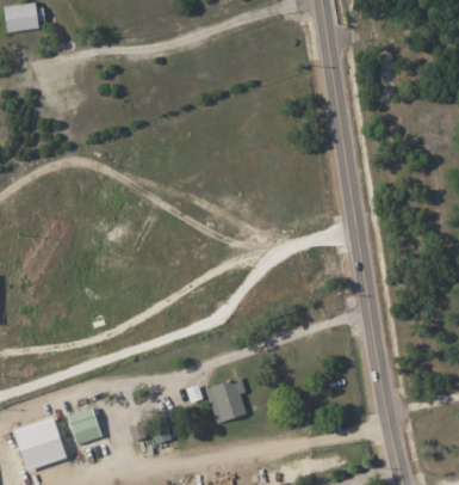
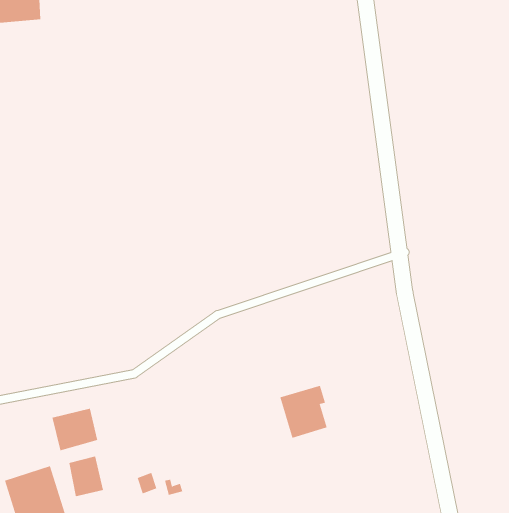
building: none -> [52,408,98,451]
building: [205,377,247,424] -> [279,385,327,438]

